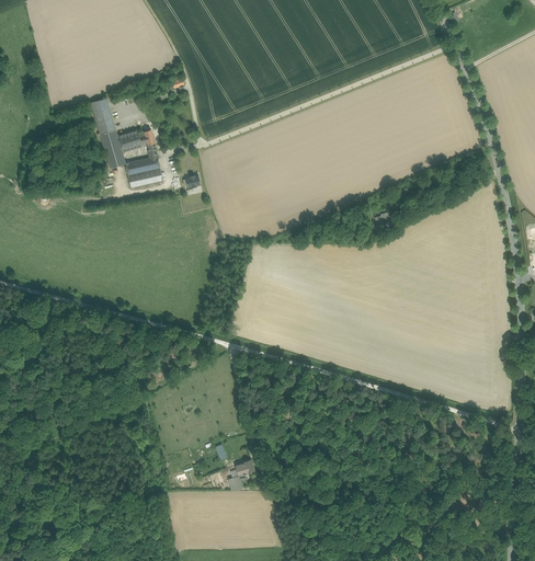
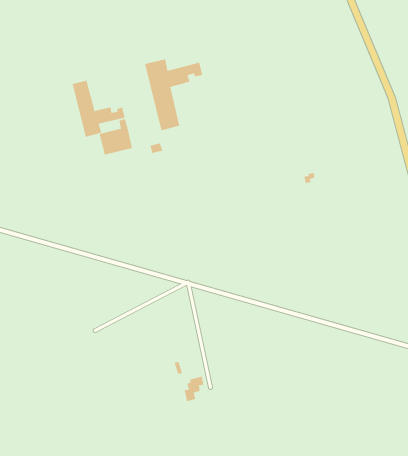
building: none -> [144,59,203,131]

